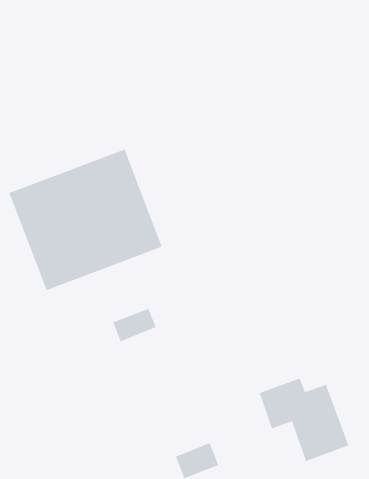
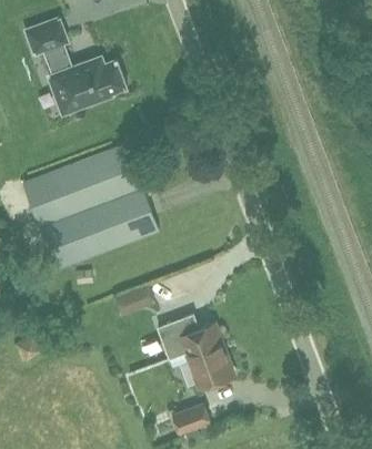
building: none -> [24,19,127,110]
building: [259,378,349,462] -> [155,316,235,390]

